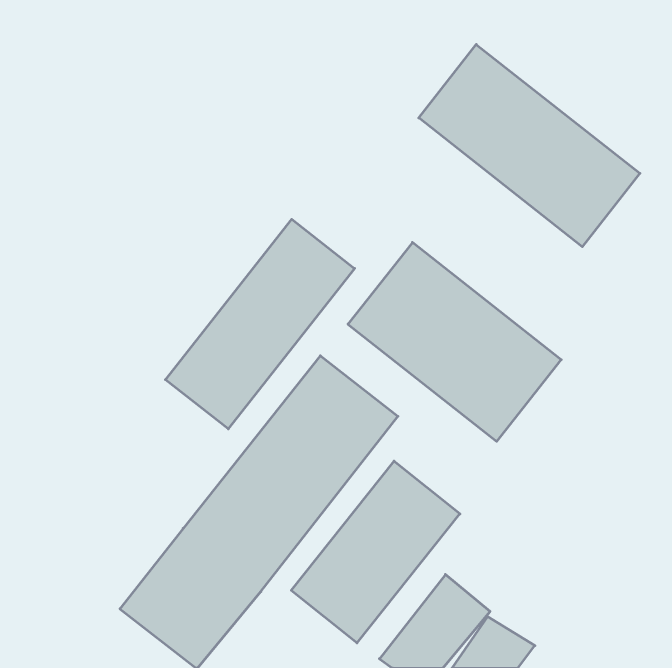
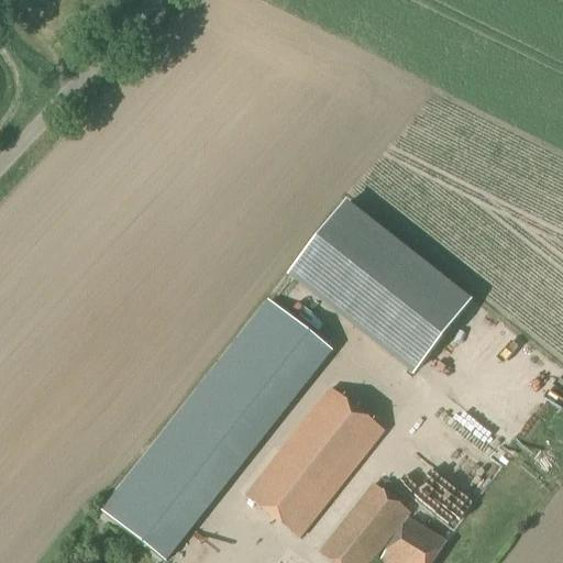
building: [419,44,640,247] -> none
building: [165,219,355,429] -> none

